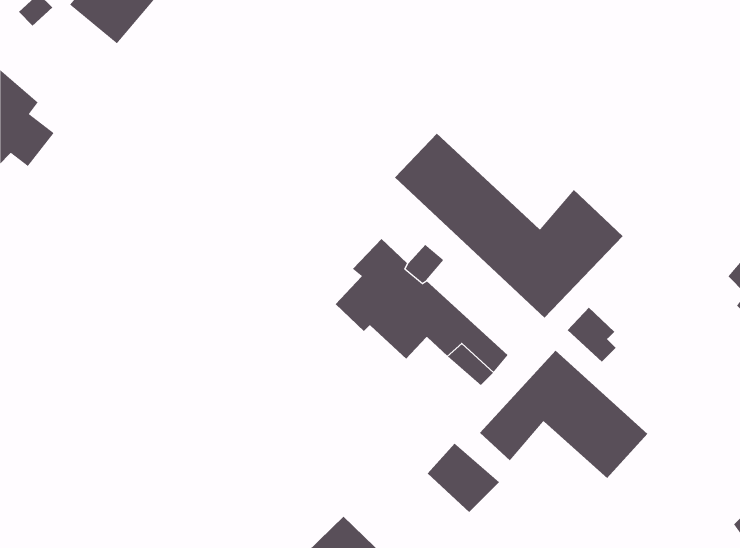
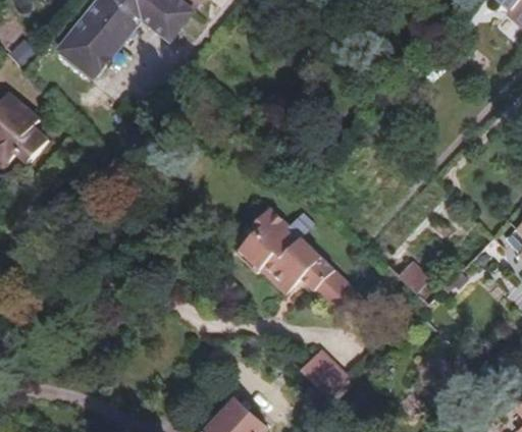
building: [394,133,623,319] -> none
building: [479,350,648,479] -> none

